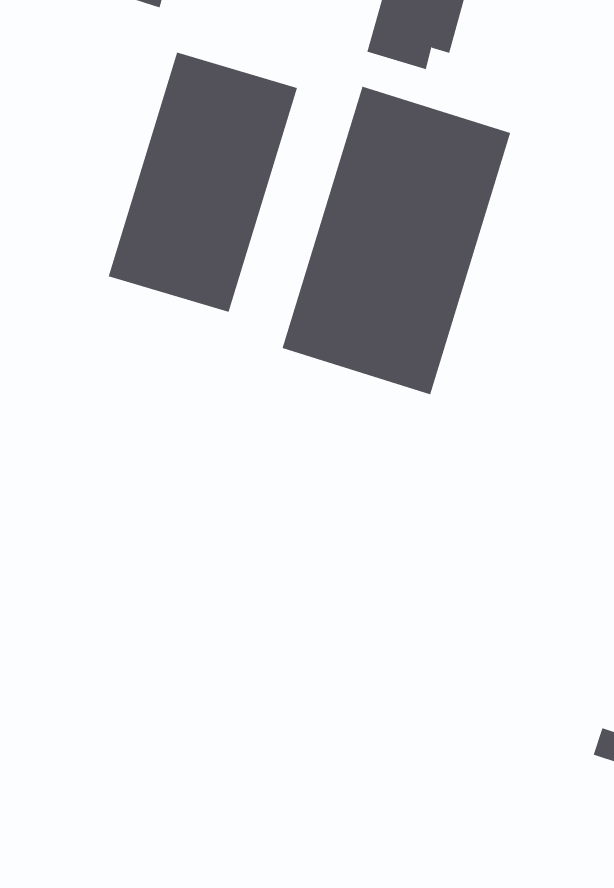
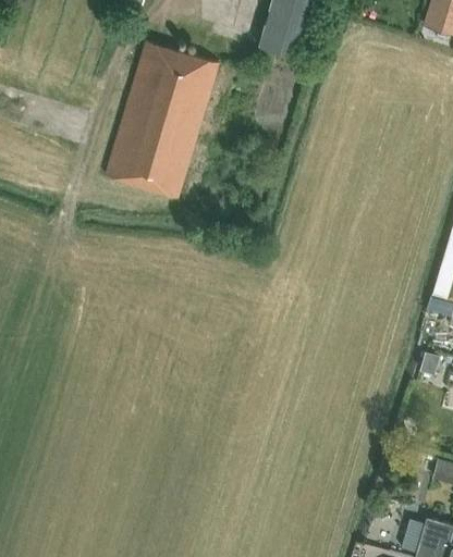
building: [282,86,511,395] -> none

